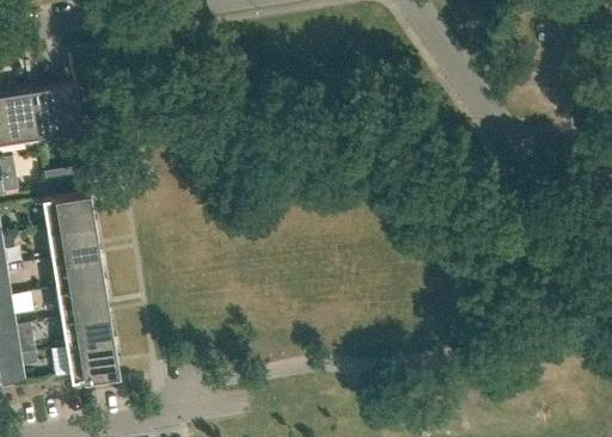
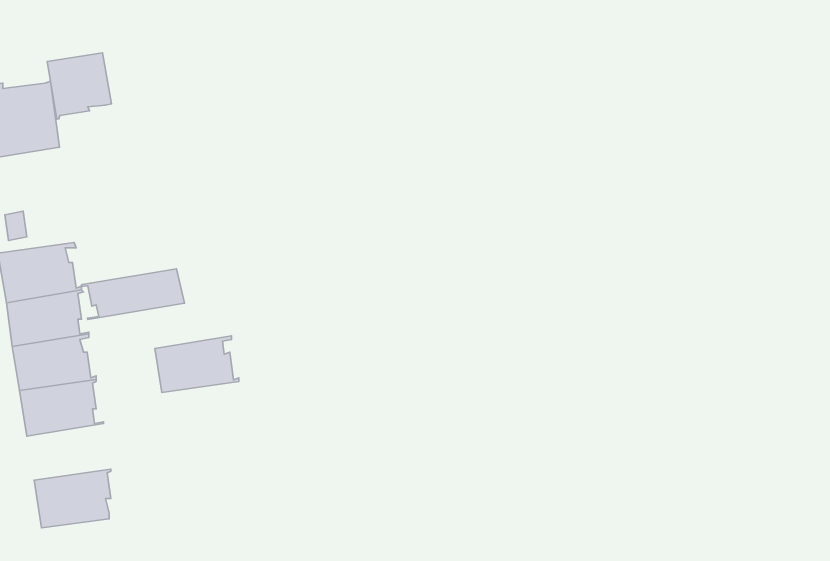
building: none -> [47,53,111,119]
building: none -> [81,269,185,319]
building: [61,312,116,349] -> [155,336,239,392]

